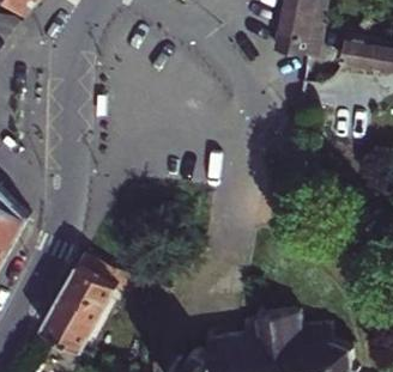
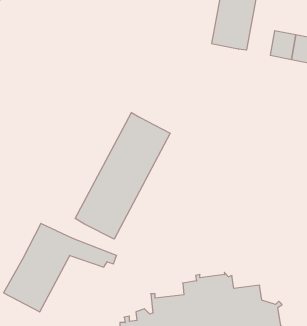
building: none -> [75,113,170,239]

